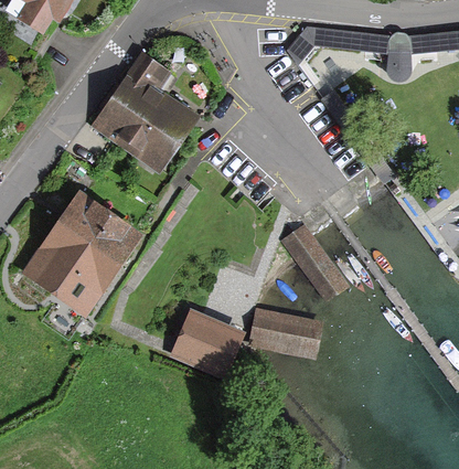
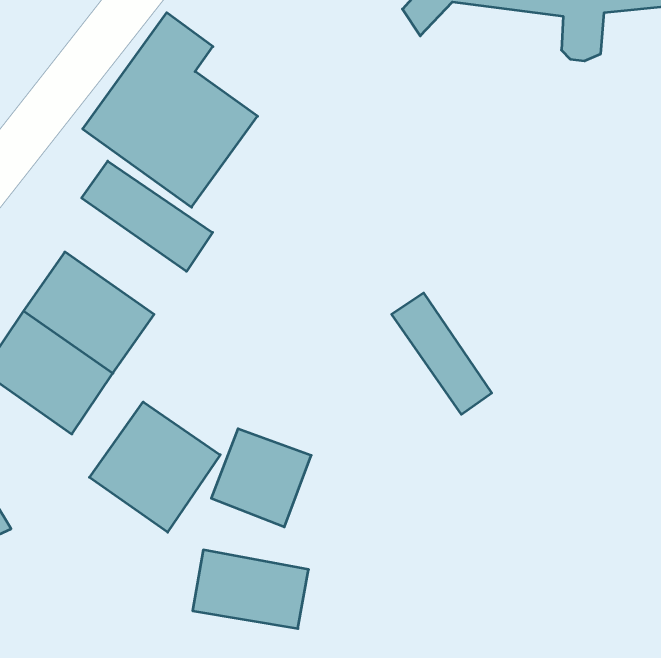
building: none -> [82,161,213,271]
building: none -> [89,402,220,532]
building: [247,310,319,359] -> [193,550,309,629]

